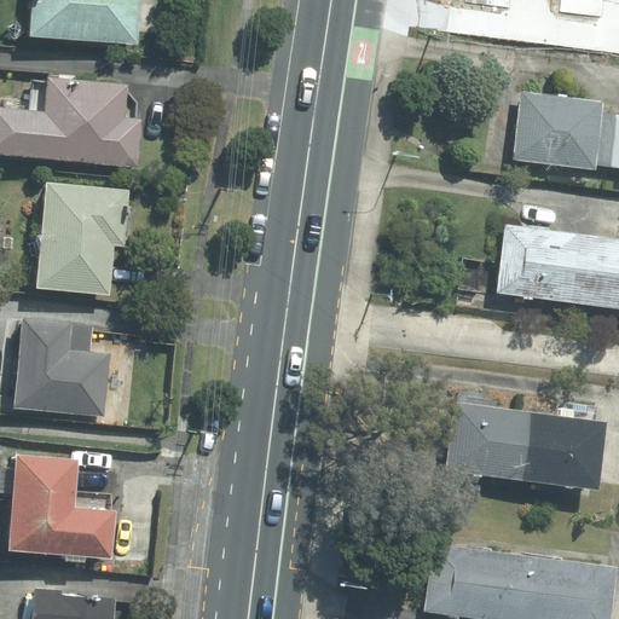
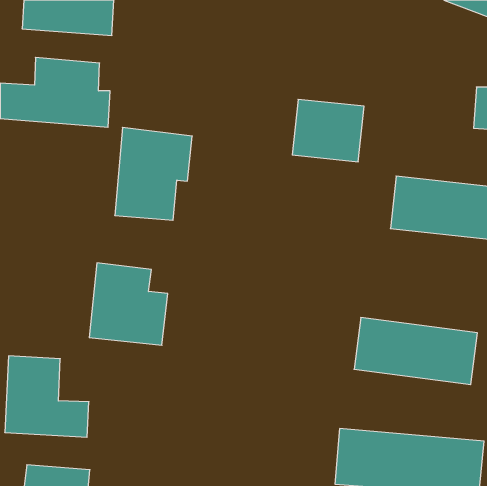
building: [511,91,602,169] -> [292,99,364,162]
building: [35,179,133,296] -> [115,127,192,220]
building: [13,316,112,420] -> [89,263,168,345]

